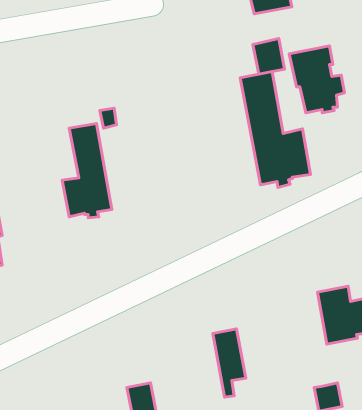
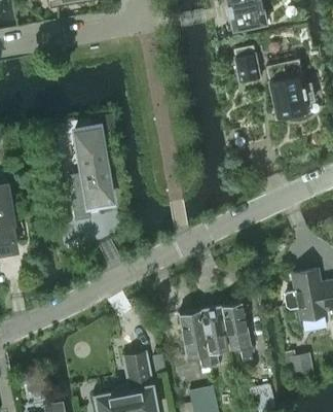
building: [240,72,310,187] -> none
building: none -> [221,302,252,359]
building: none -> [180,310,211,368]

